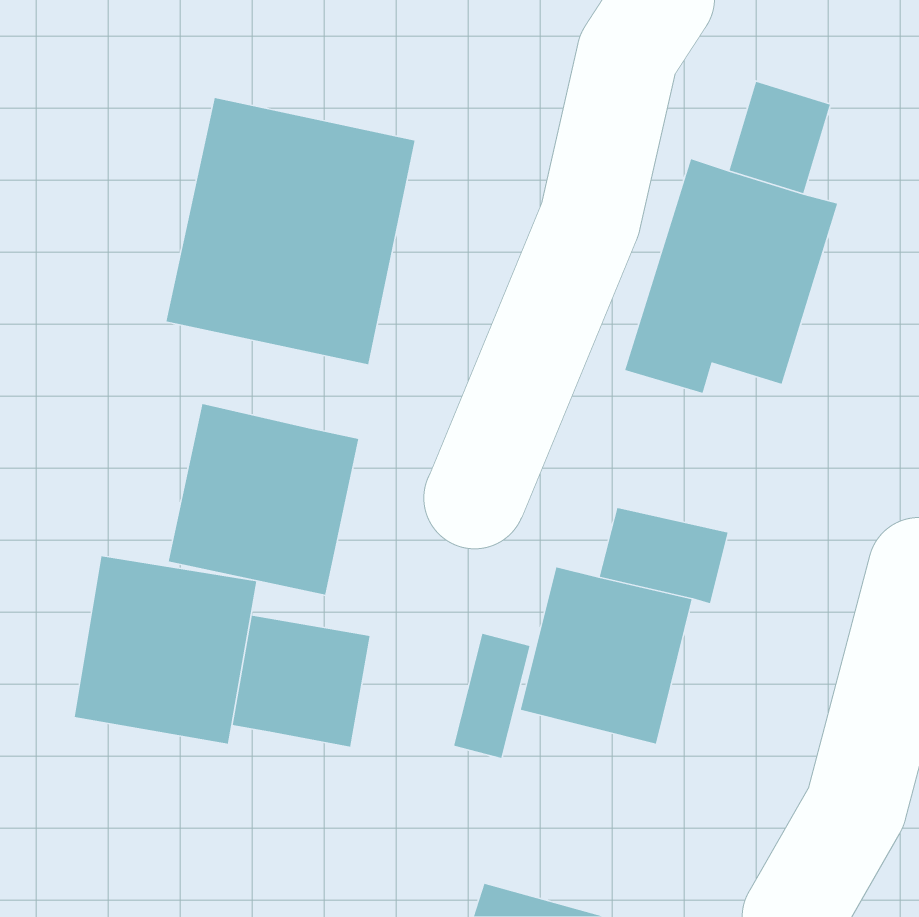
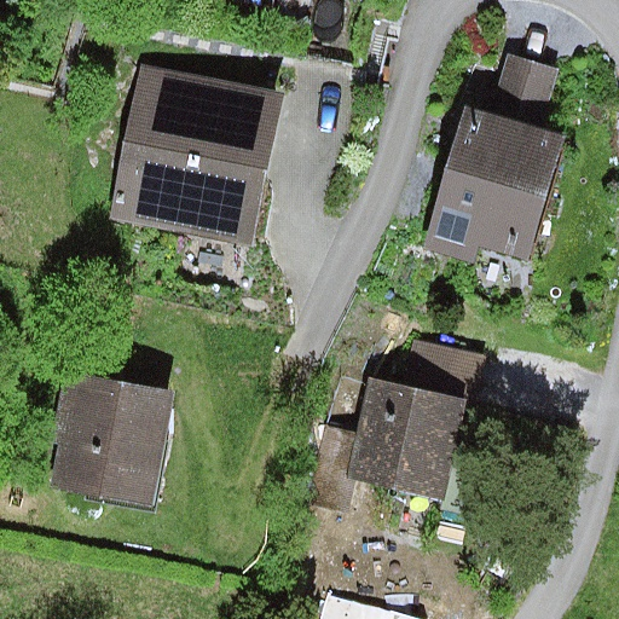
building: [168,403,359,595] -> none
building: [232,615,371,747] -> none

